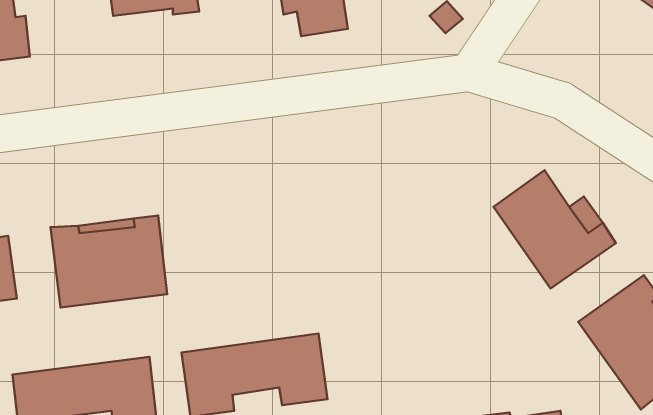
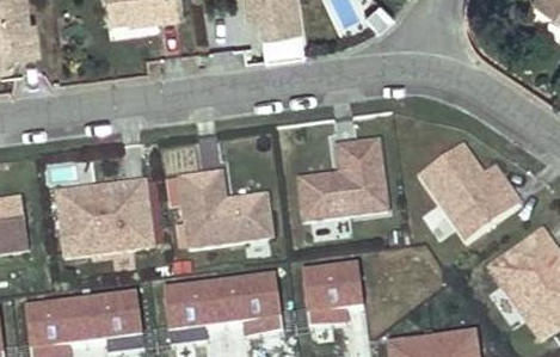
building: none -> [300,141,387,221]
building: none -> [179,173,270,247]
building: none -> [302,269,363,328]

